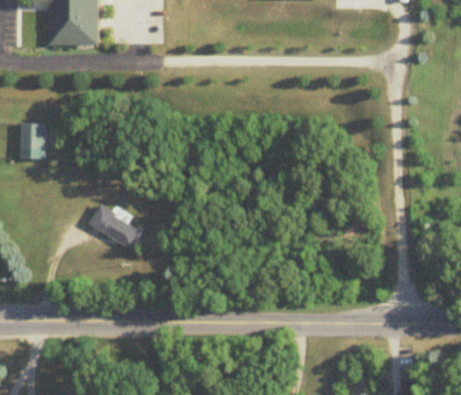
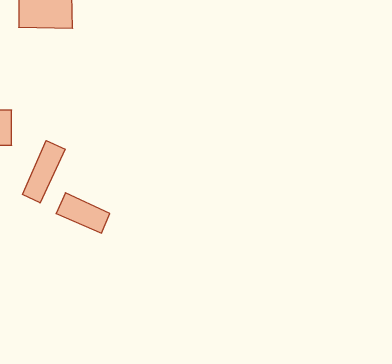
building: none -> [23,141,65,203]

